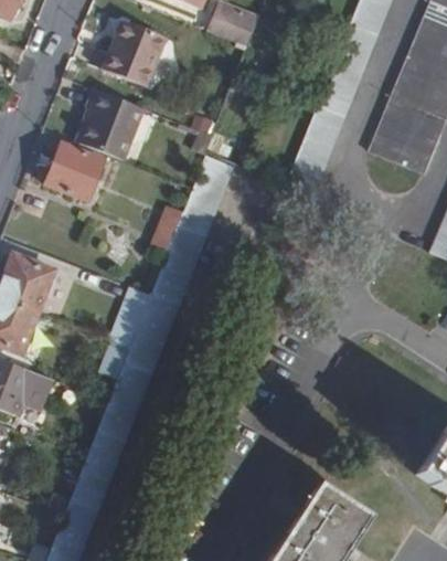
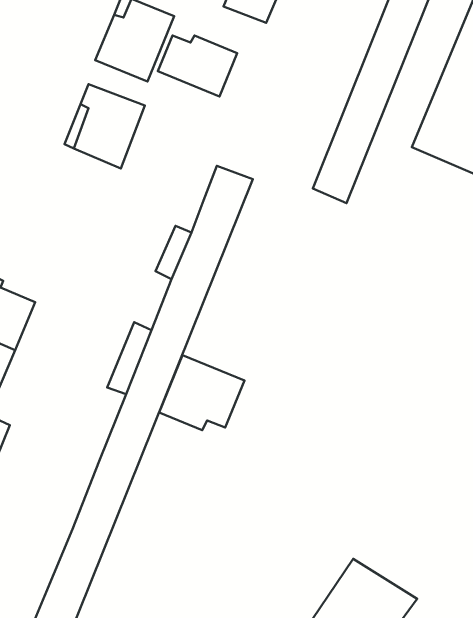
building: none -> [158,36,237,97]
building: [47,144,107,203] -> none
building: none -> [159,355,244,430]

